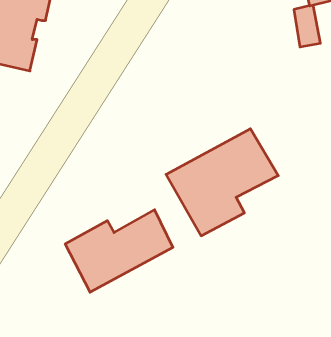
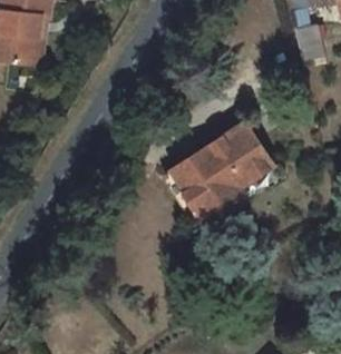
building: [65,210,173,292] -> none

